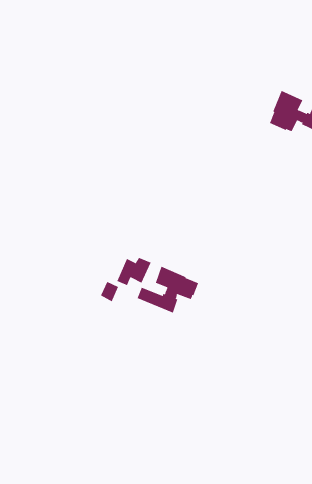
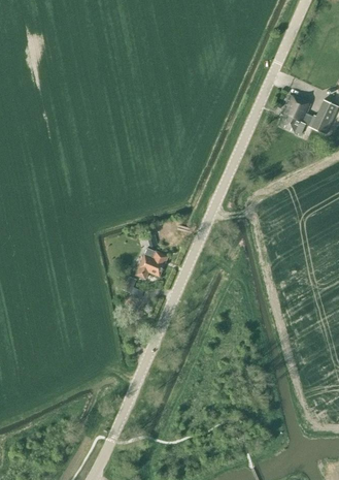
building: [137,266,199,313] -> none

